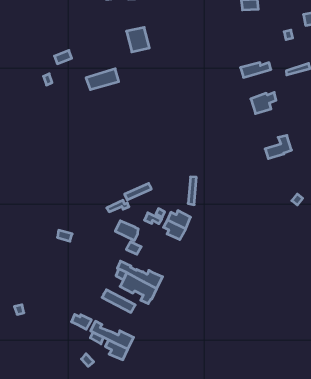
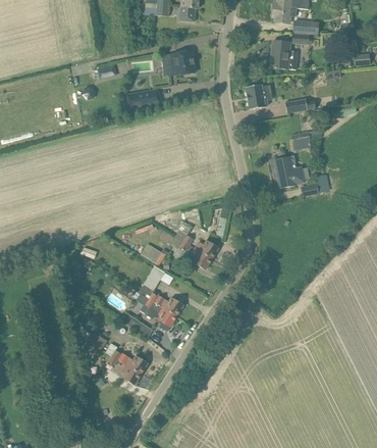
building: none -> [270,40,298,69]
building: none -> [245,84,266,108]
building: none -> [274,156,305,187]

